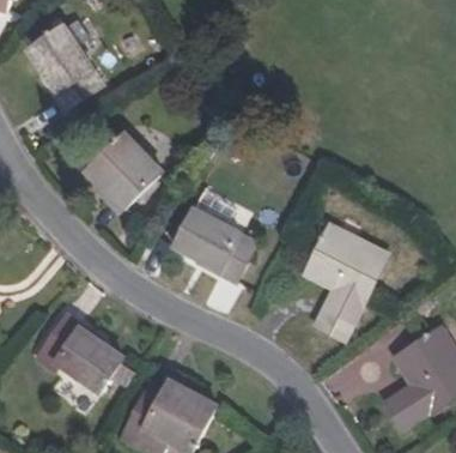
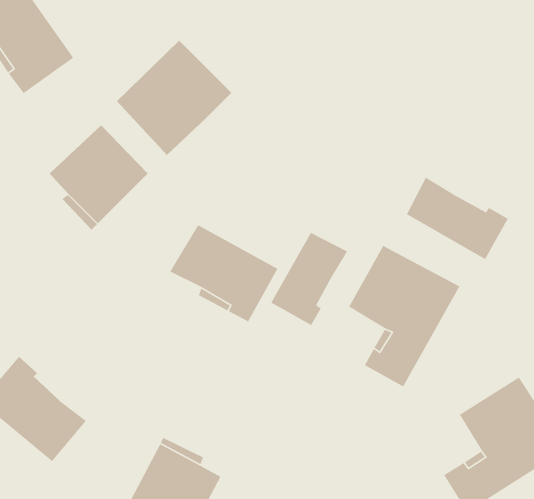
building: none -> [116,40,232,156]
building: none -> [406,176,509,260]
building: none -> [270,232,348,326]

